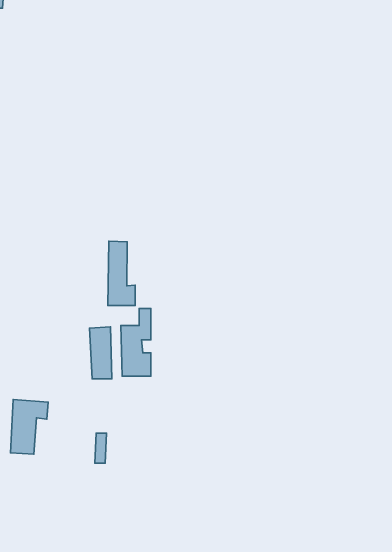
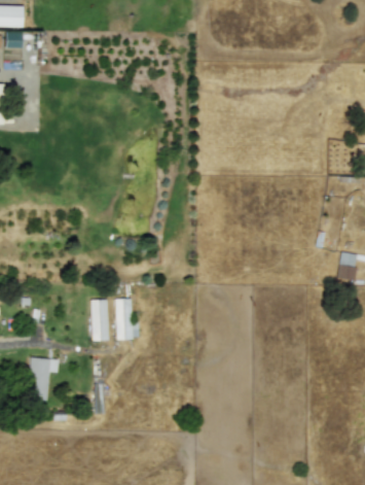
building: [108,241,135,305] -> none

